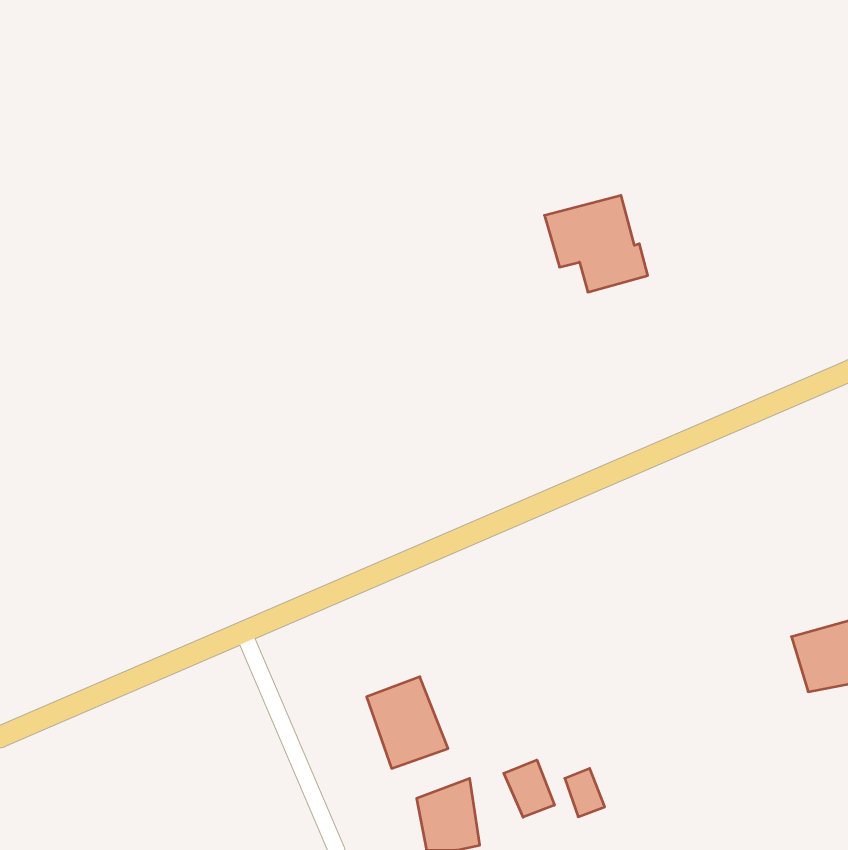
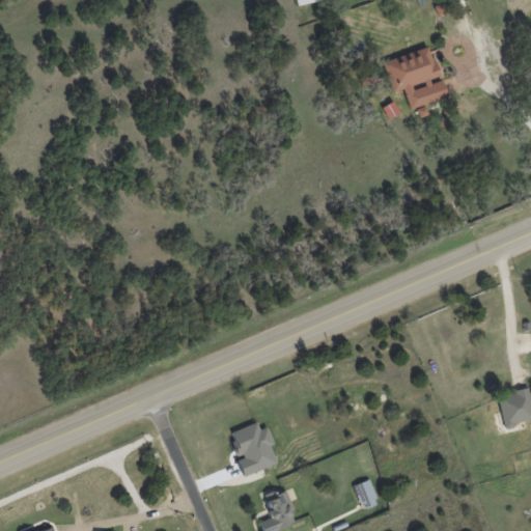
building: [544,195,648,292] -> [383,47,447,107]
building: [504,760,554,817] -> none

